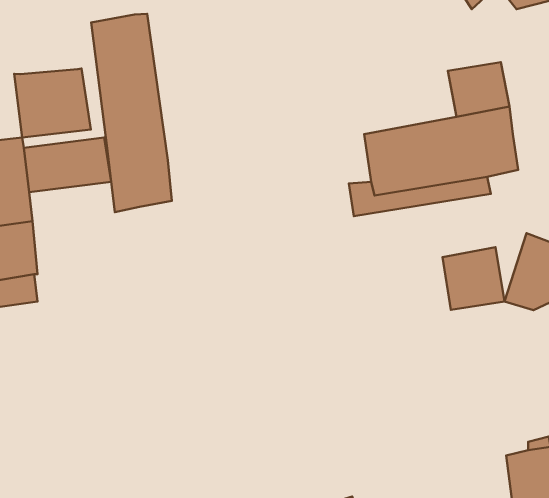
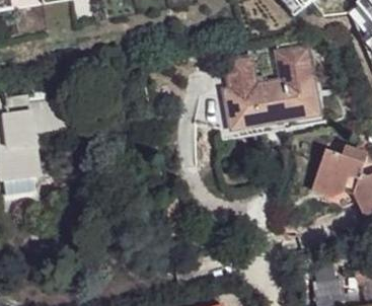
building: [91,14,172,212] -> none
building: [14,68,91,137] -> none
building: [443,247,504,310] -> none

